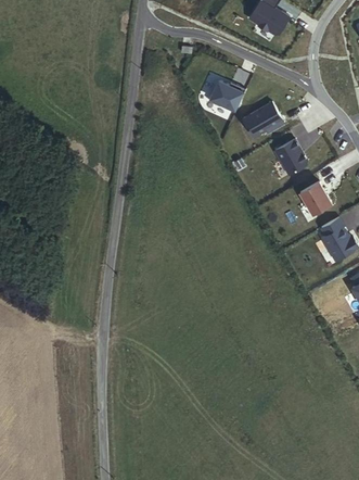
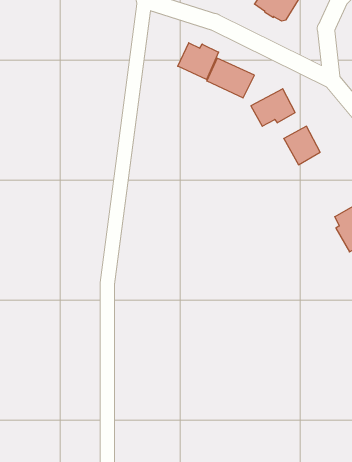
building: none -> [178,43,219,79]
building: [300,181,332,215] -> none

